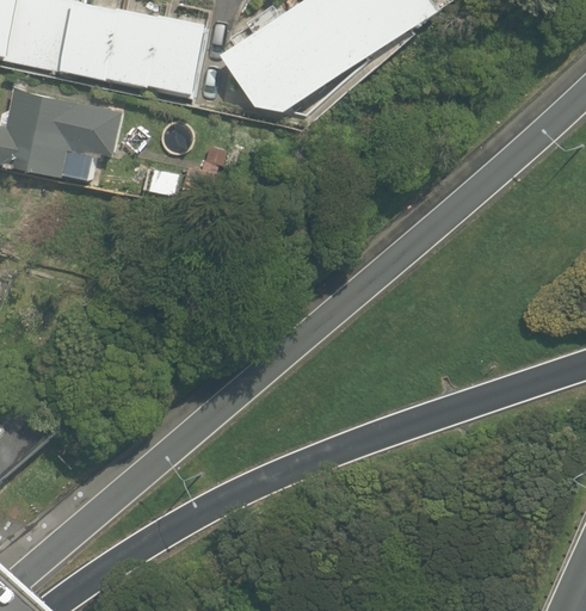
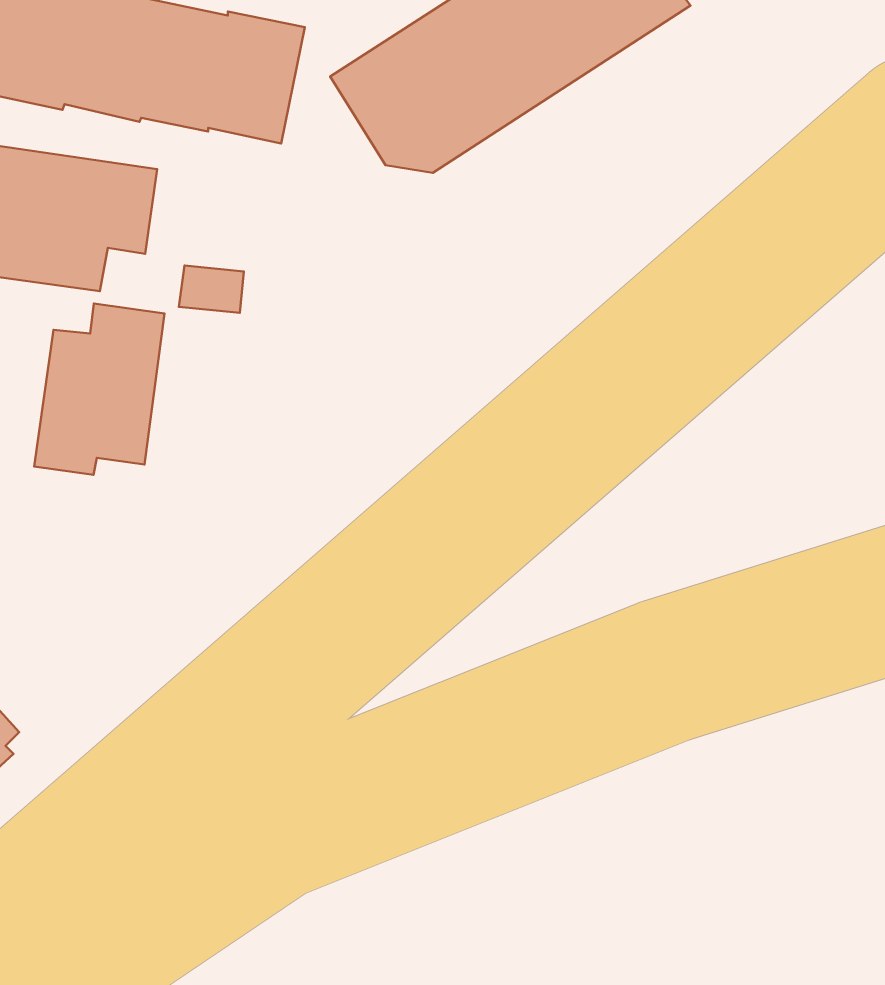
building: none -> [34,304,165,475]

